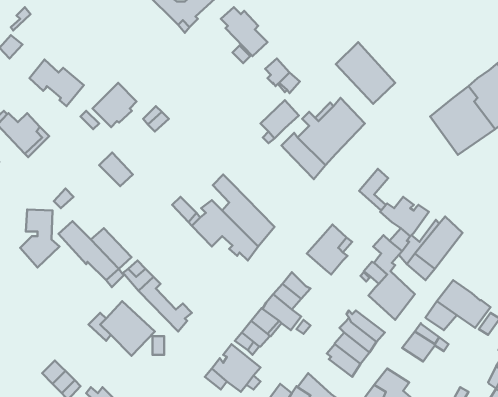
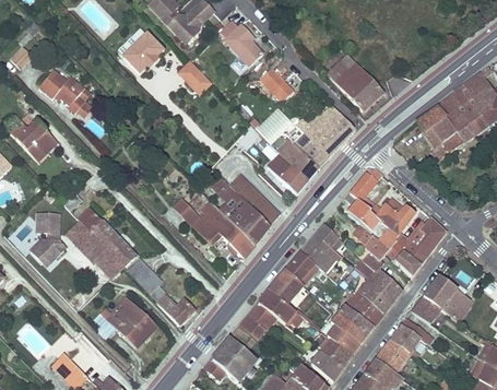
building: none -> [179,60,211,93]
building: [93,83,137,127] -> [122,32,164,73]
building: none -> [268,153,307,194]
building: [99,152,133,186] -> [78,206,109,238]
building: none -> [229,173,281,226]
building: none -> [345,192,380,233]
building: none -> [286,251,318,282]
building: none -> [346,291,383,326]
building: none -> [376,340,410,373]
building: none -> [310,351,343,381]

